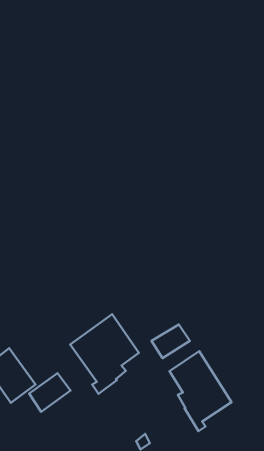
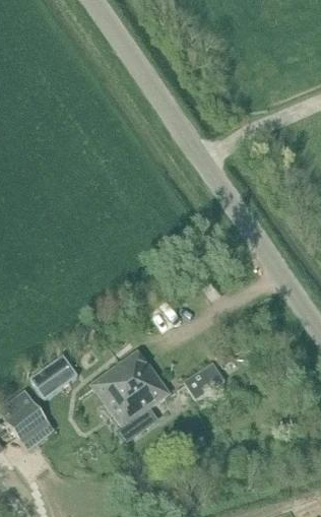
building: [170,351,232,431] -> none
building: [29,373,70,412] -> [31,356,77,398]

